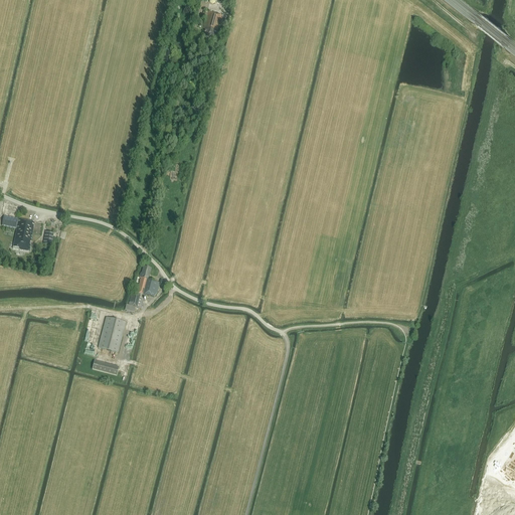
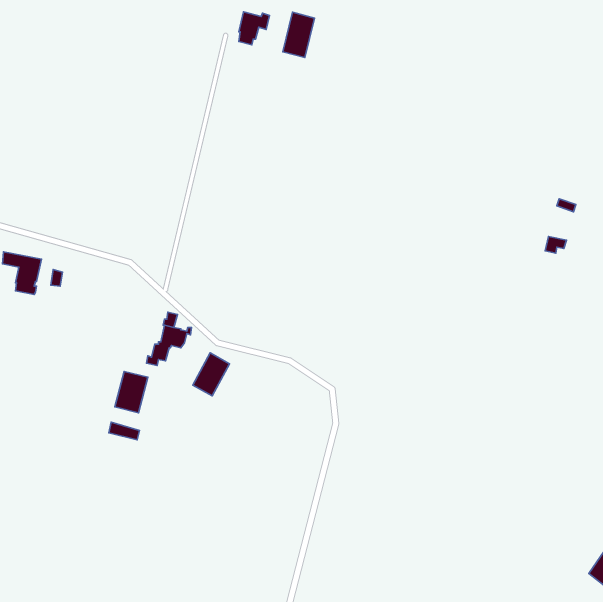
building: none -> [283,12,315,58]
building: none -> [193,353,230,396]

